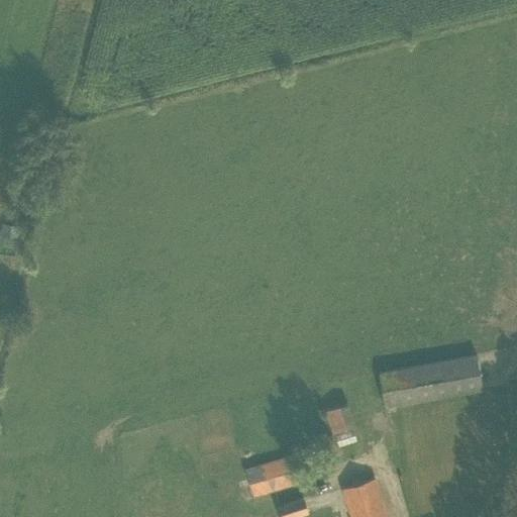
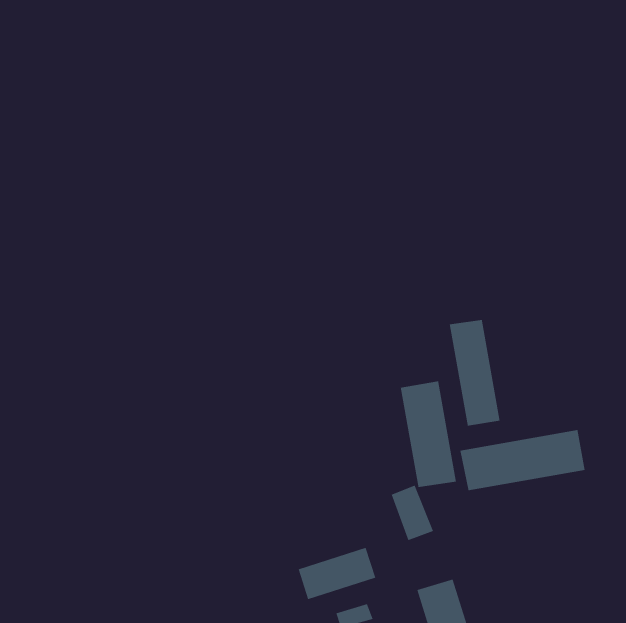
building: none -> [449,319,500,427]
building: none -> [400,380,457,488]

